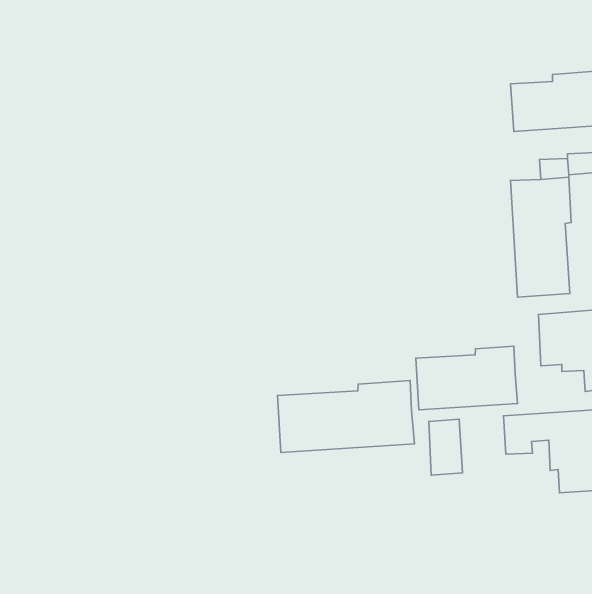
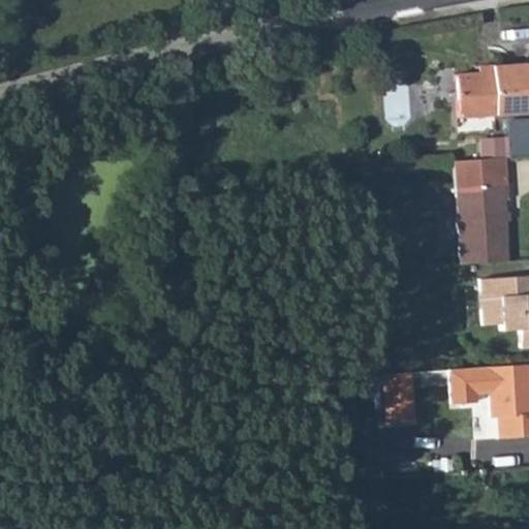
building: [416,346,518,410] -> none
building: [277,380,414,453] -> none

